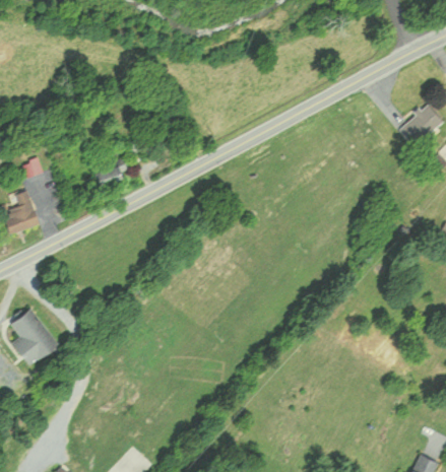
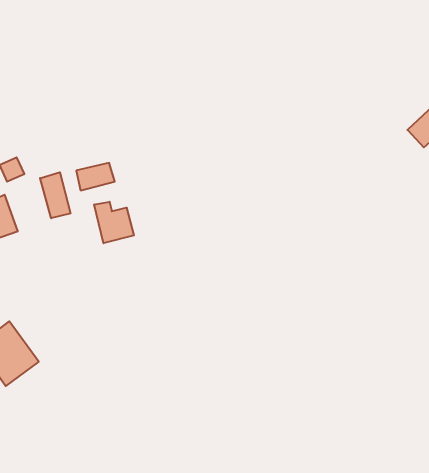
building: none -> [40,172,71,218]
building: none -> [94,202,134,243]

